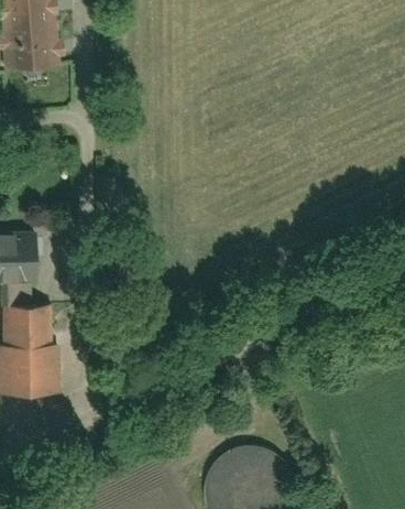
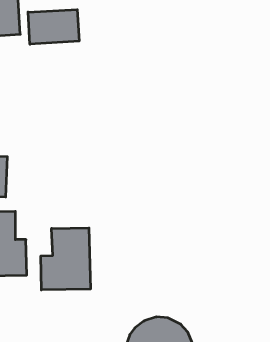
building: none -> [28,10,79,44]
building: none -> [41,228,90,290]

